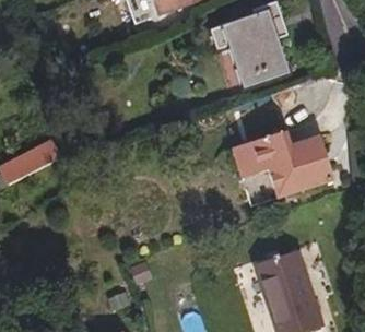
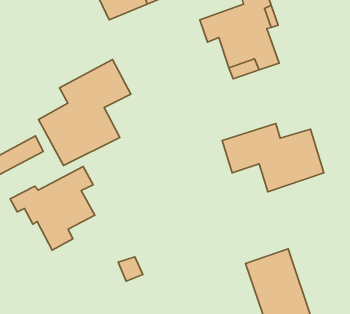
building: none -> [39,60,131,166]
building: none -> [10,166,95,250]

